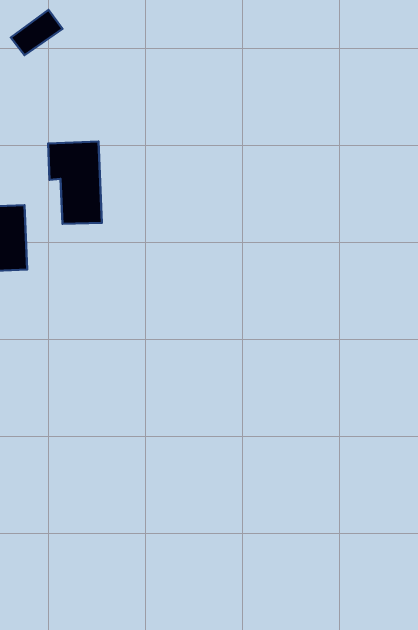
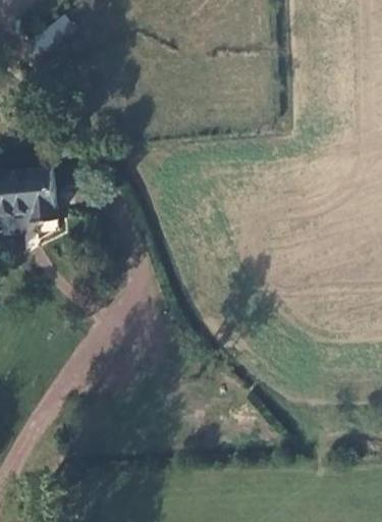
building: [48,141,102,224] -> none

